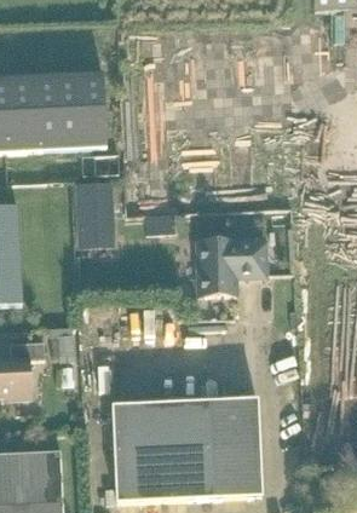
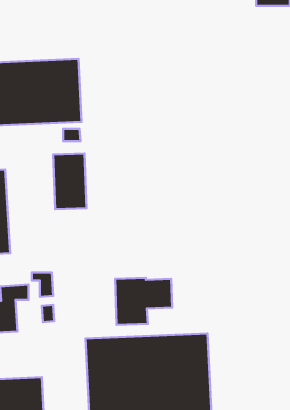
building: [195,238,263,294] -> [115,278,172,325]

